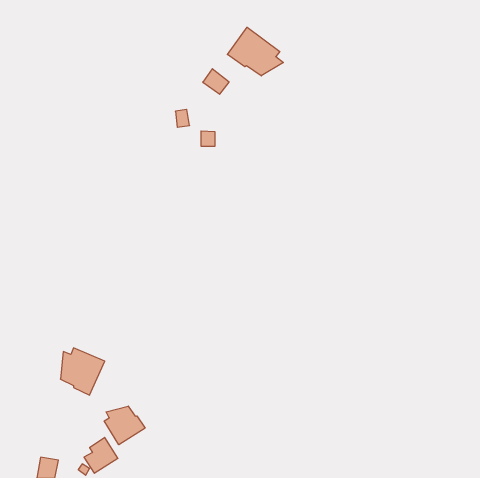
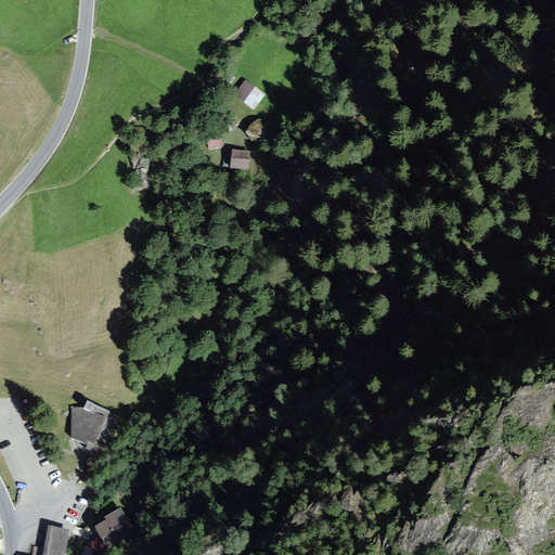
building: [227,27,283,76] -> none
building: [104,406,145,445] -> none

